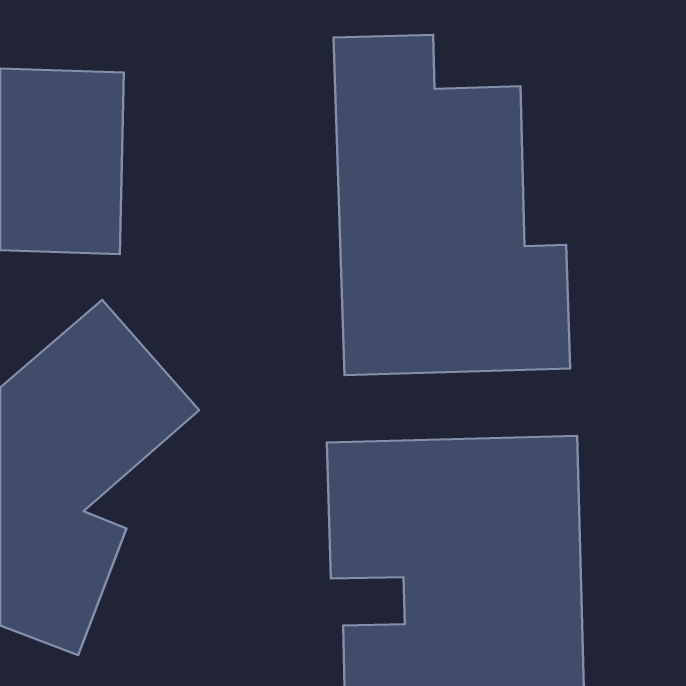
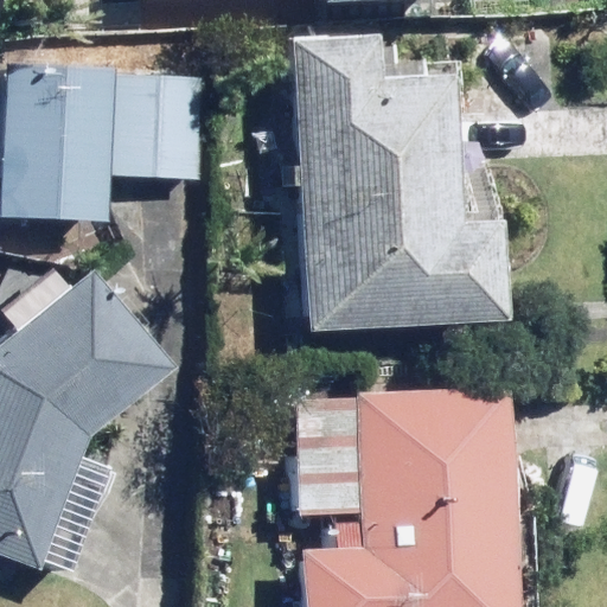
building: none -> [117,76,200,178]

